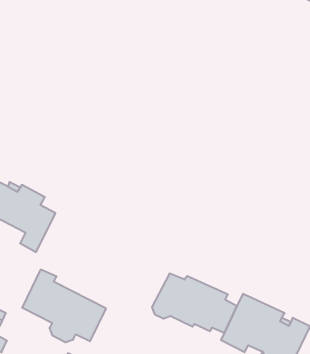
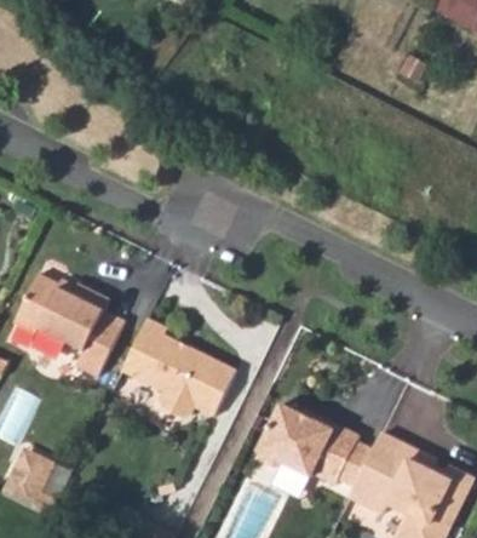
building: [22,270,106,342] -> [121,316,236,416]

